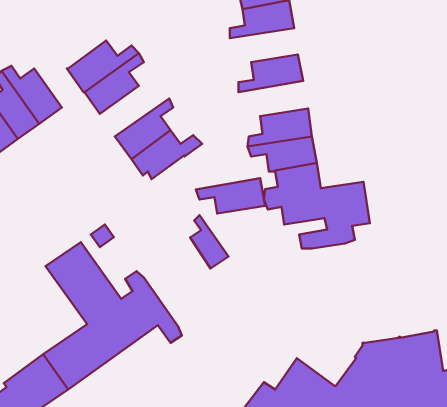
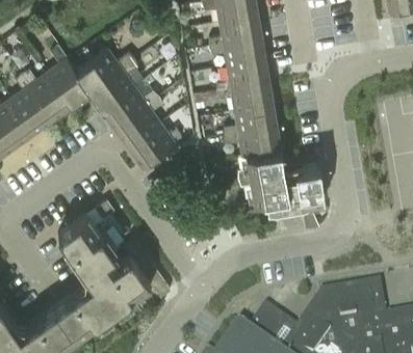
building: none -> [209,38,265,66]
building: none -> [48,45,88,104]
building: none -> [102,86,159,128]
building: [196,178,265,214] -> [216,82,274,111]
building: [190,215,228,268] -> none

